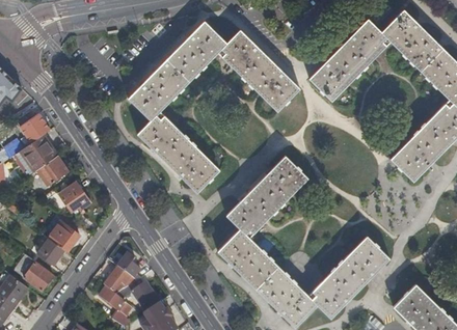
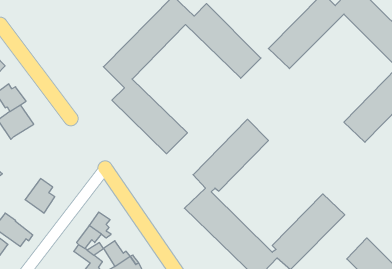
building: [32,159,64,190] -> none
building: [54,187,86,216] -> none
building: [34,242,62,270] -> none

